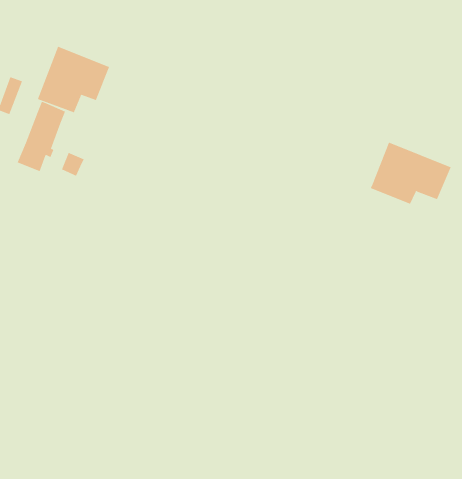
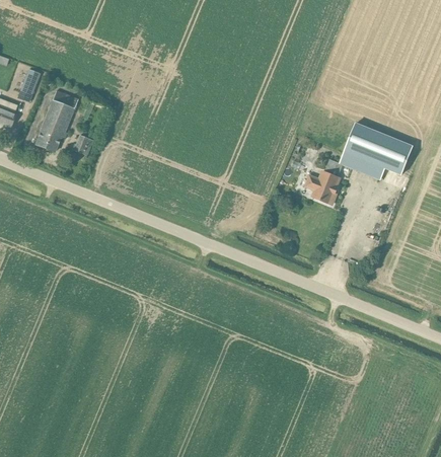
building: [37,46,110,113] -> none
building: none -> [305,157,343,203]

